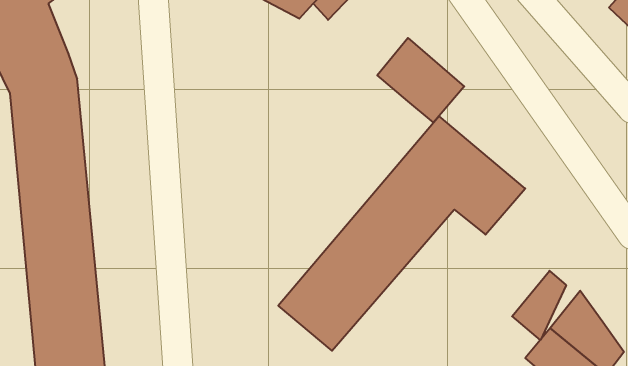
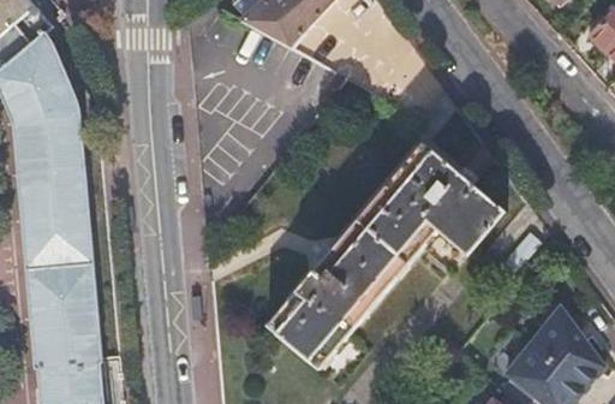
building: [377,38,464,123] -> none
building: [512,271,566,340] -> none

